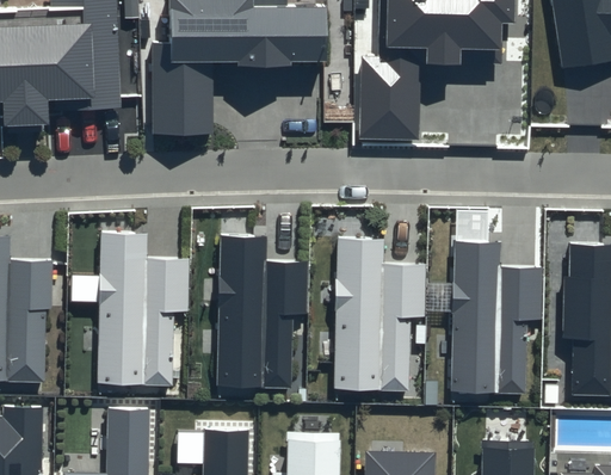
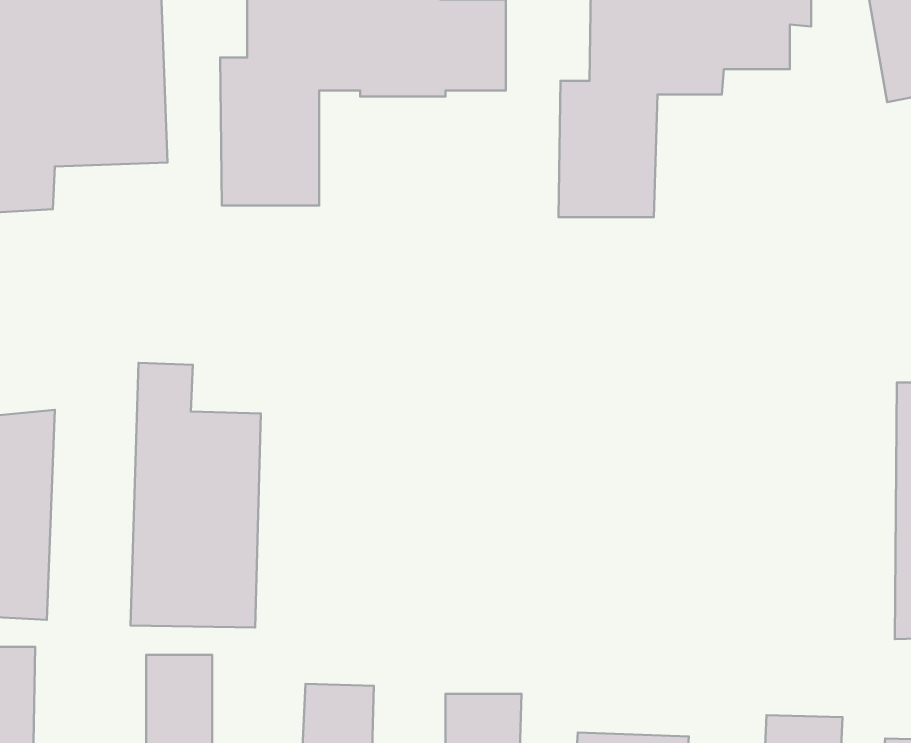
building: [217,233,295,393] -> none
building: [335,236,409,395] -> none
building: [451,241,529,399] -> none

